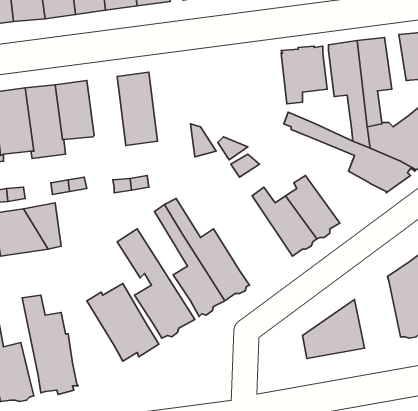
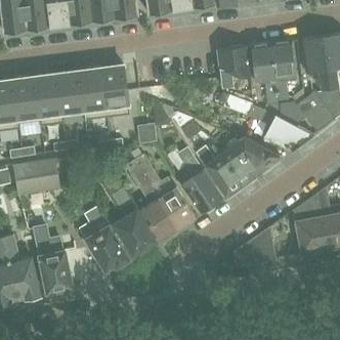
building: none -> [79,69,107,121]
building: none -> [237,137,281,173]
building: none -> [177,147,222,213]

